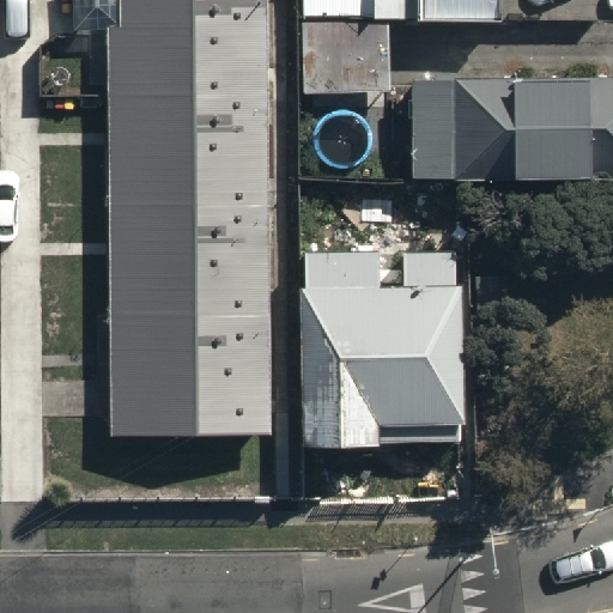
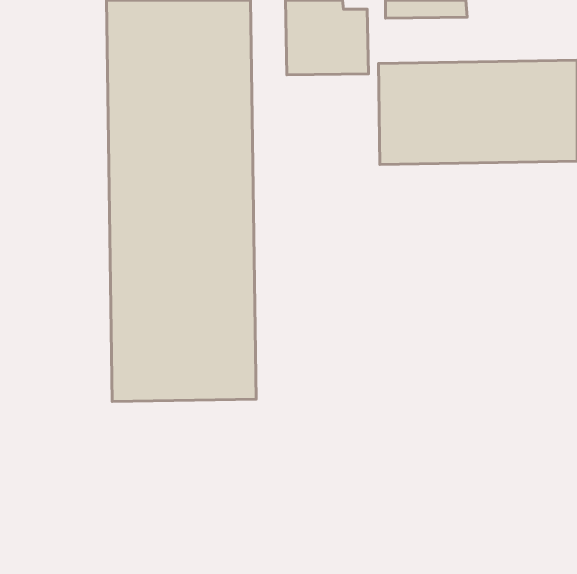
building: [299,256,457,453] -> none

